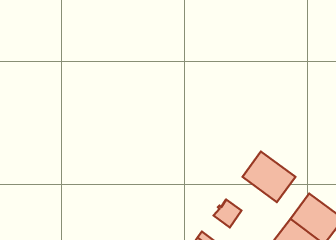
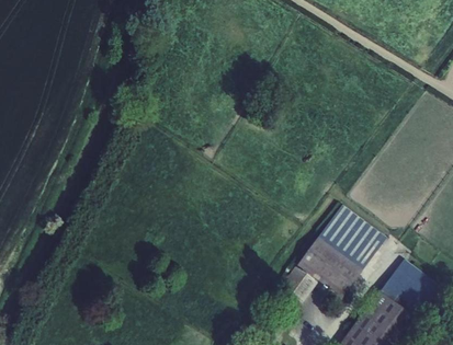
building: none -> [297,237,362,296]

